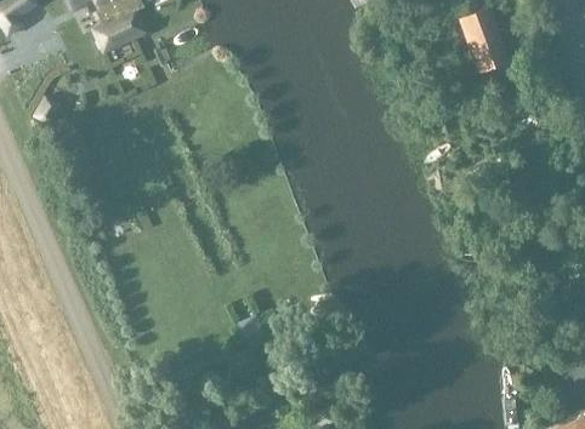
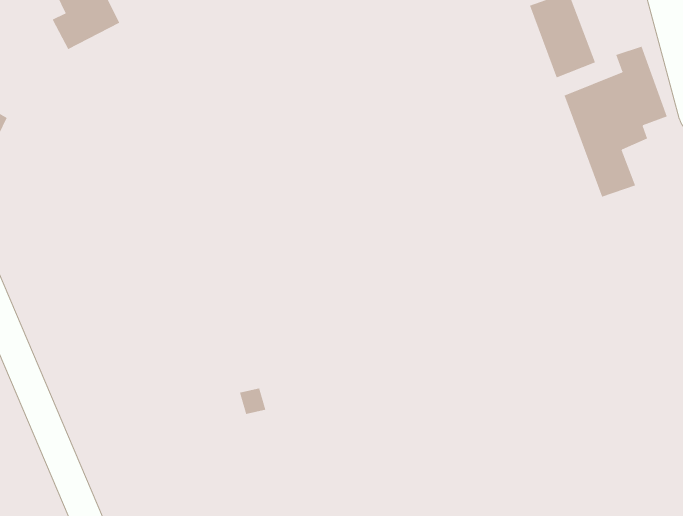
building: none -> [564,46,667,198]

